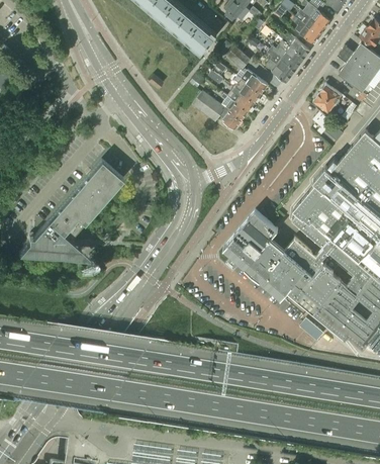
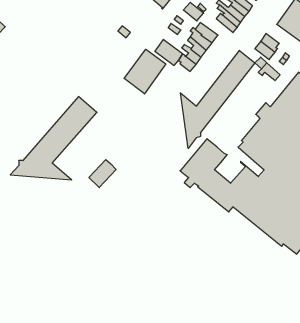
building: none -> [124,49,166,94]
building: none -> [180,50,255,148]
building: none -> [89,160,116,188]

